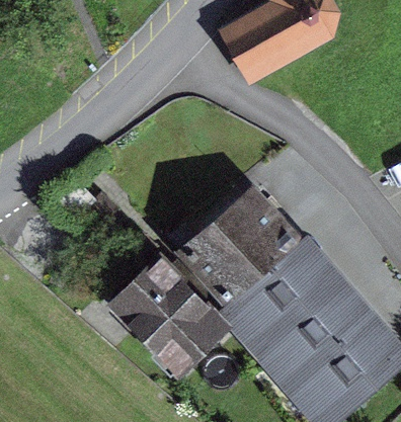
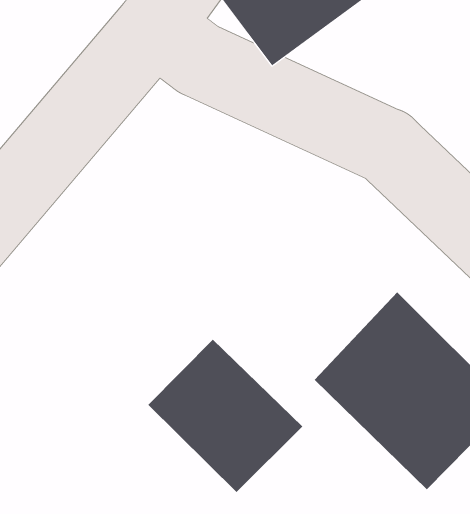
building: [191,186,306,299] -> none

